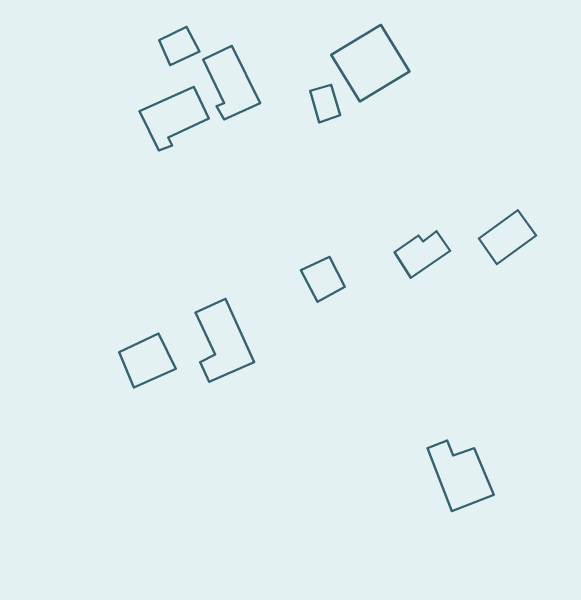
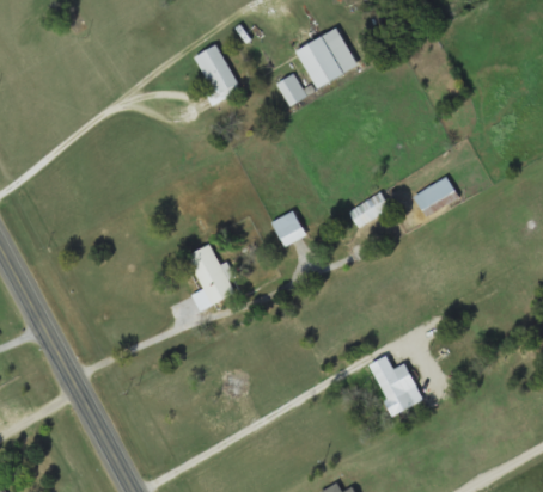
building: [159,27,199,65] -> none
building: [140,87,209,151] -> none
building: [119,334,176,388] -> none

